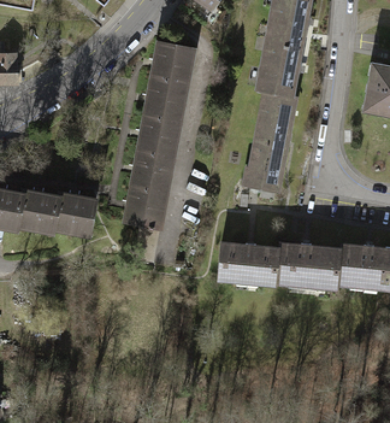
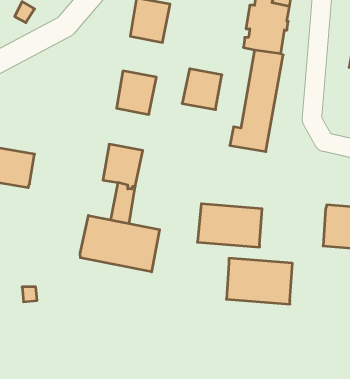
building: [142,80,181,119] -> [182,69,222,110]
building: [129,149,167,190] -> none
building: [52,192,93,229] -> none
building: [274,242,338,287] -> [226,258,292,304]
building: none -> [80,215,160,272]

